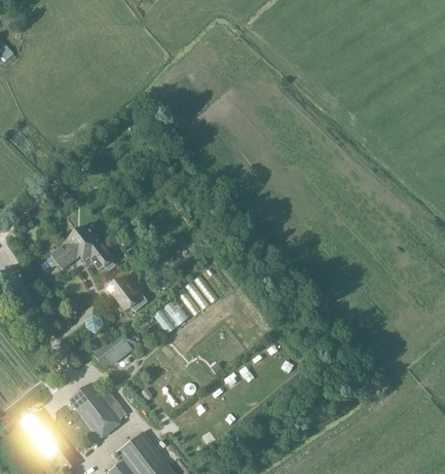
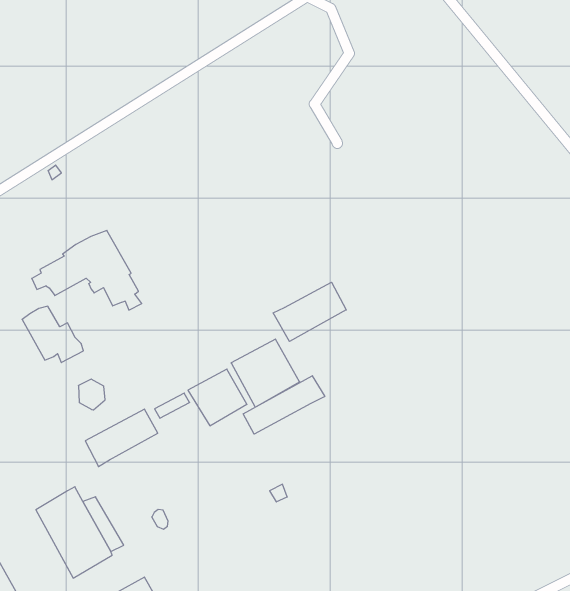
building: none -> [273,282,346,341]
building: [108,279,148,312] -> [22,306,83,363]
building: none -> [243,376,325,434]

